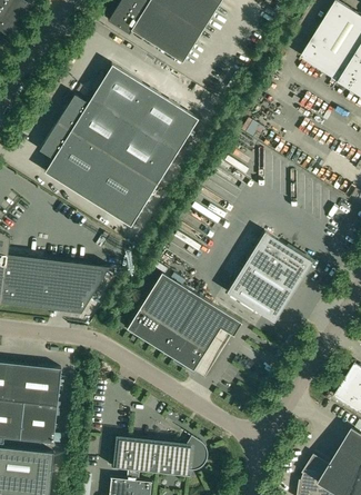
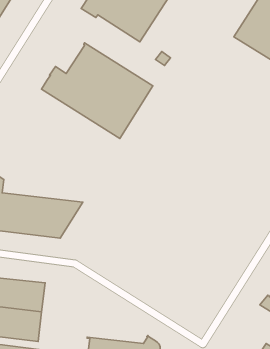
building: [41,123,156,227] -> none
building: [227,232,313,324] -> none
building: [123,273,241,370] -> none

